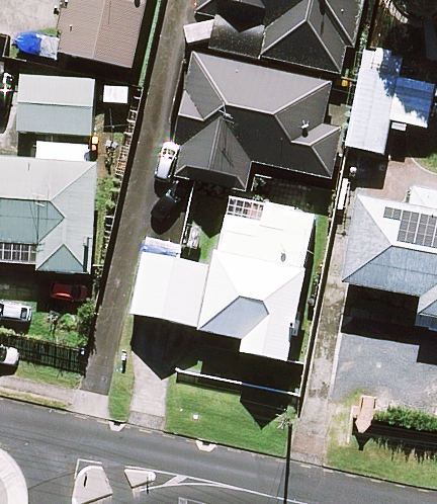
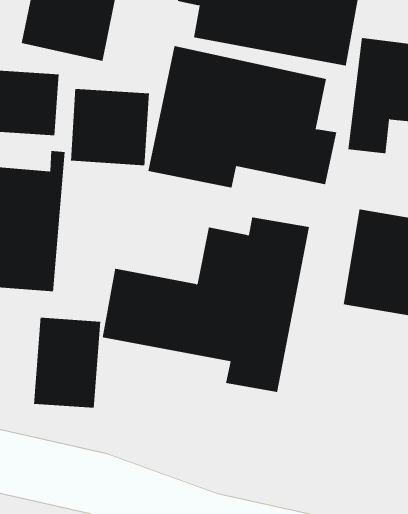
building: none -> [71,88,149,166]
building: none -> [33,317,101,409]

